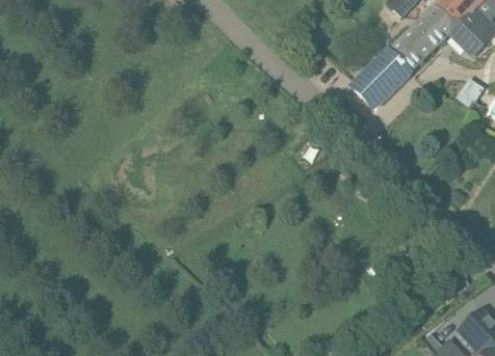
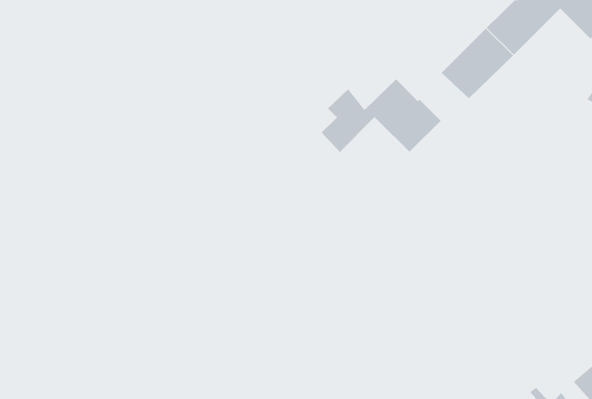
building: none -> [321,79,441,153]

